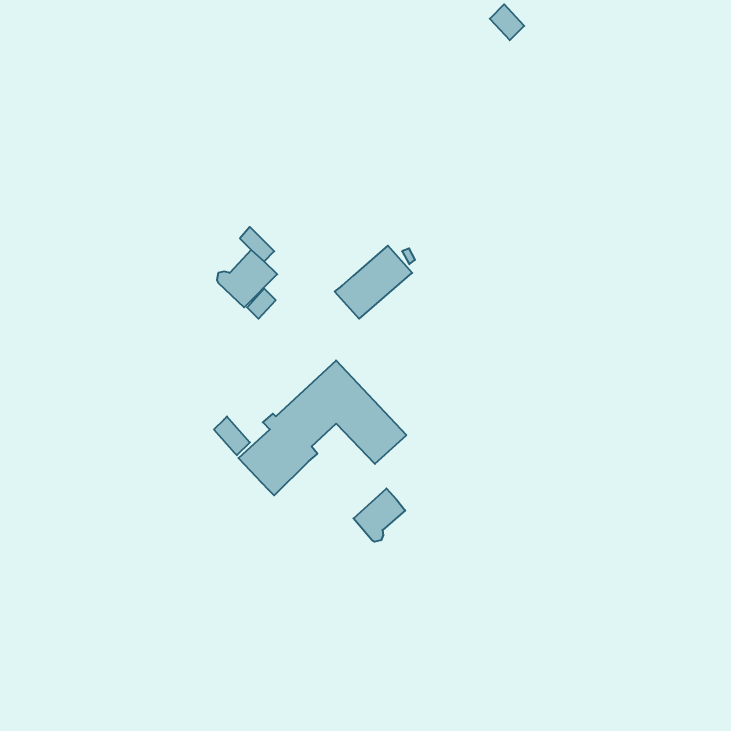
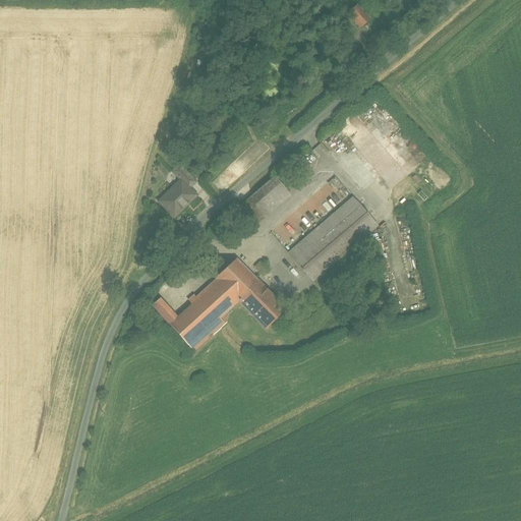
building: none -> [286,193,379,281]
building: [353,488,405,542] -> none

